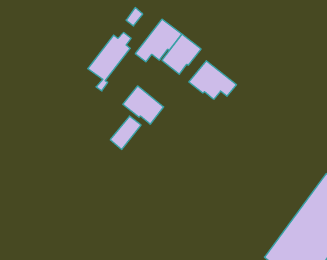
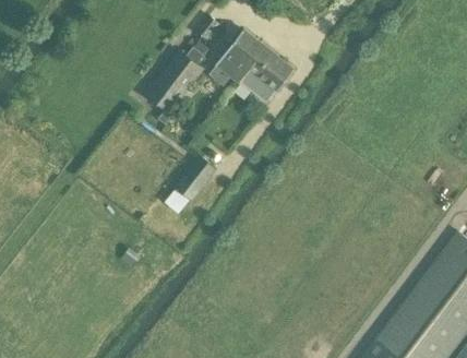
building: [189,61,236,99] -> none
building: [123,86,164,124] -> none

